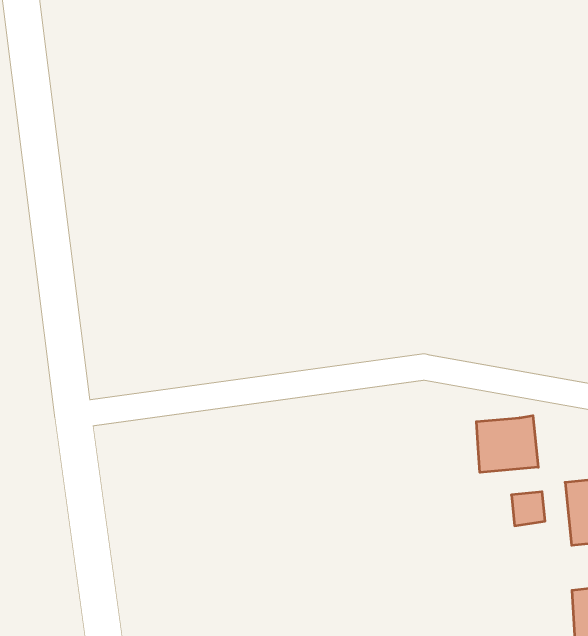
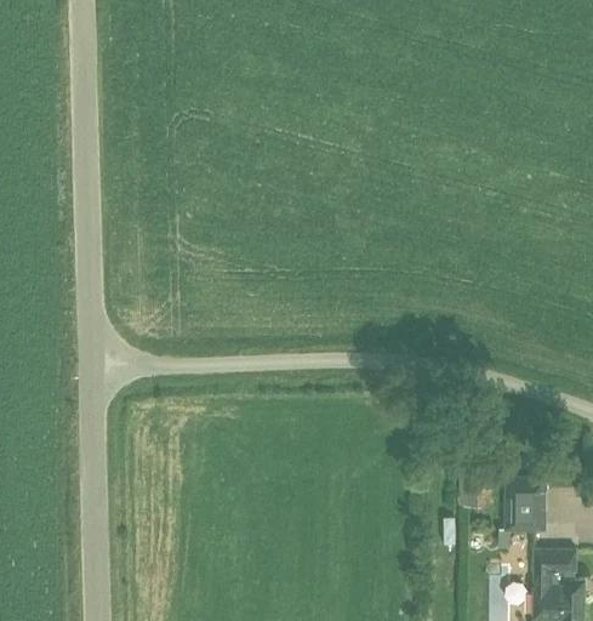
building: [476,416,538,472] -> none

